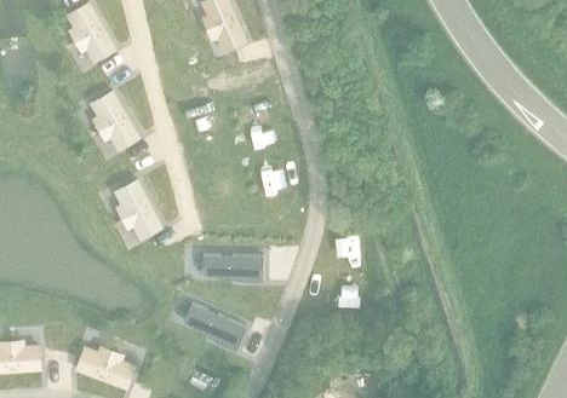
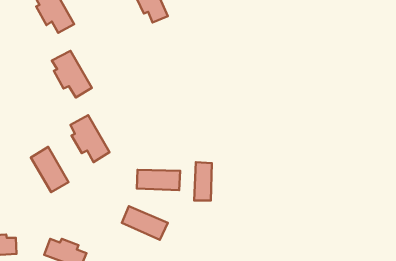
building: none -> [31,147,69,192]
building: none -> [194,162,212,200]

